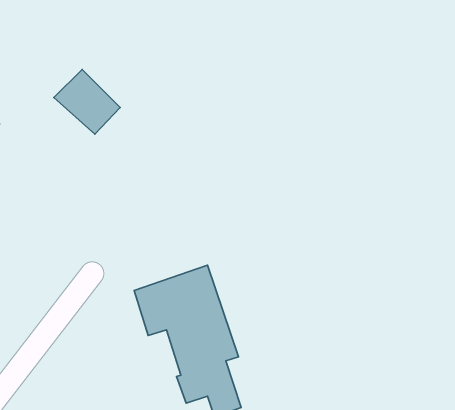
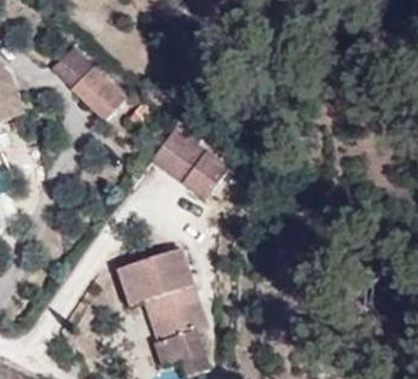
building: none -> [161,122,233,191]

